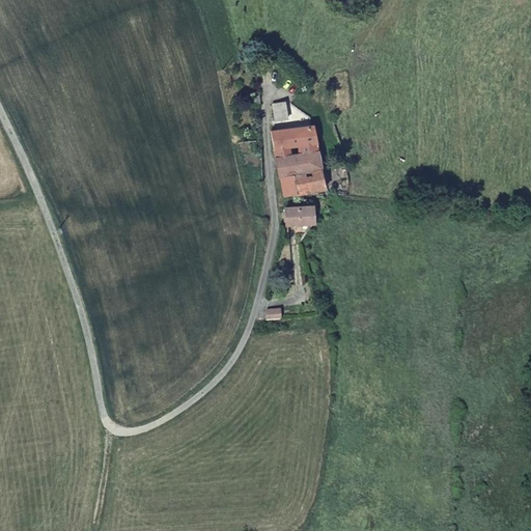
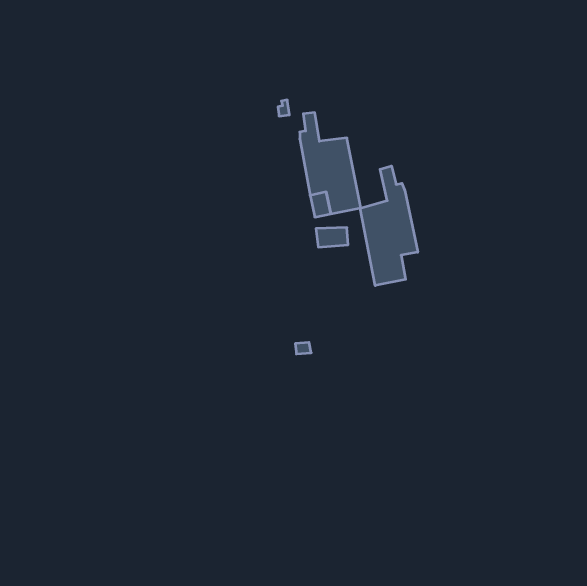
building: none -> [360,166,418,286]

